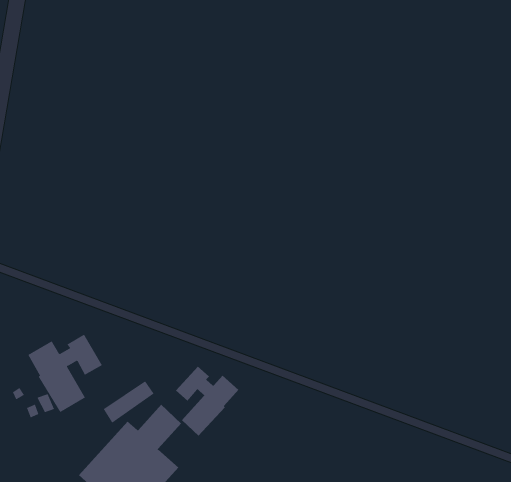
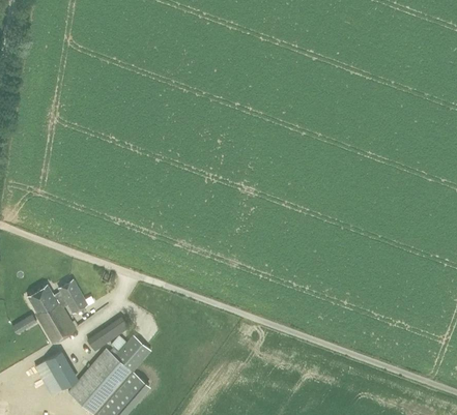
building: [175,366,239,436] -> none
building: none -> [45,352,75,389]

